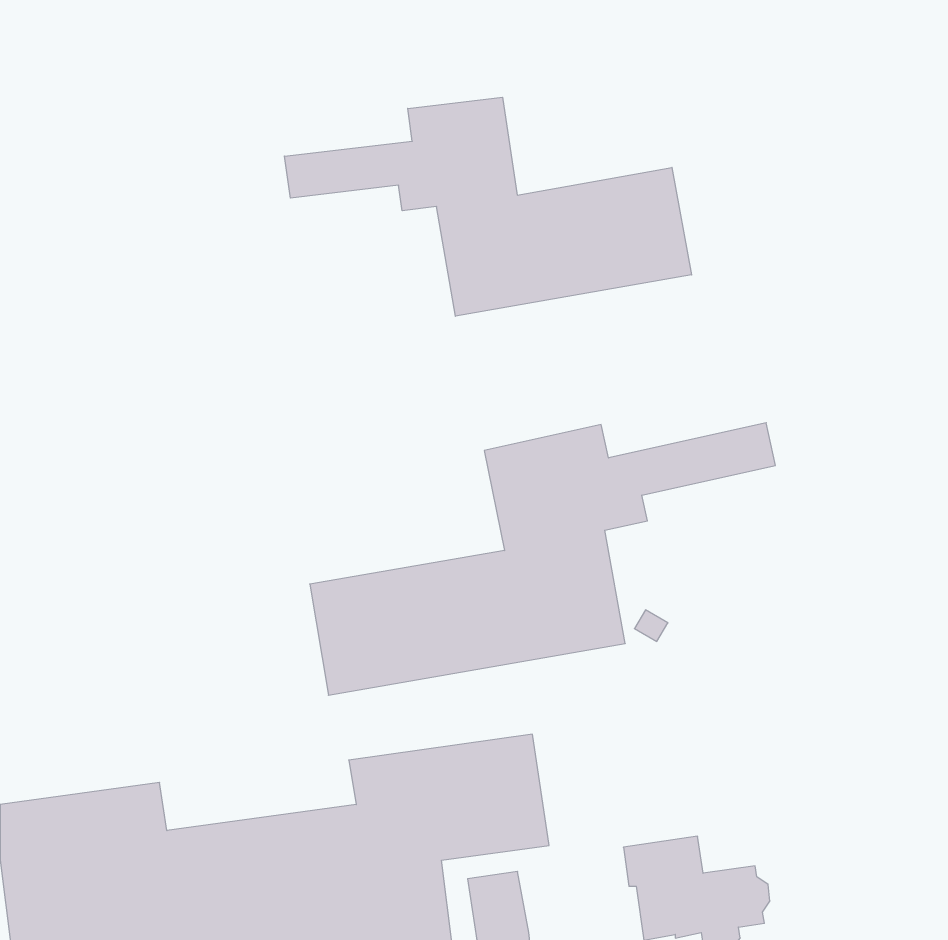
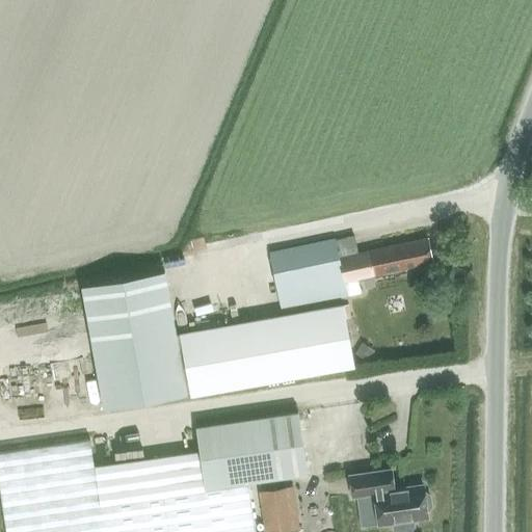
building: [284,97,692,316] -> none
building: none -> [85,273,185,410]

